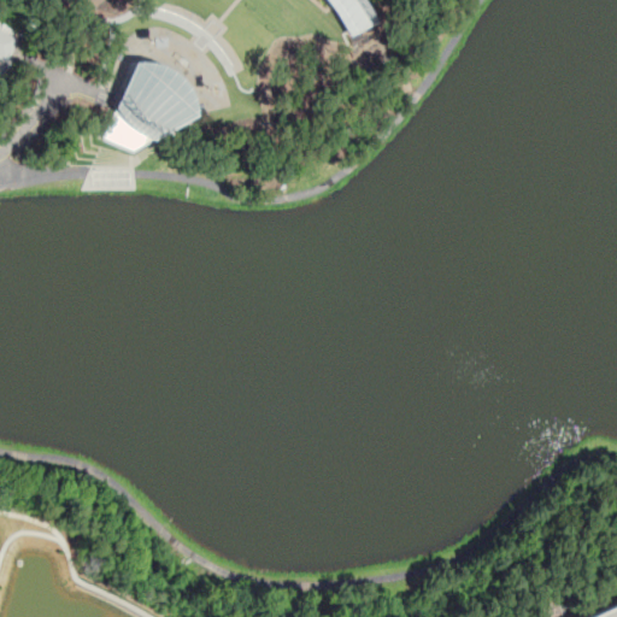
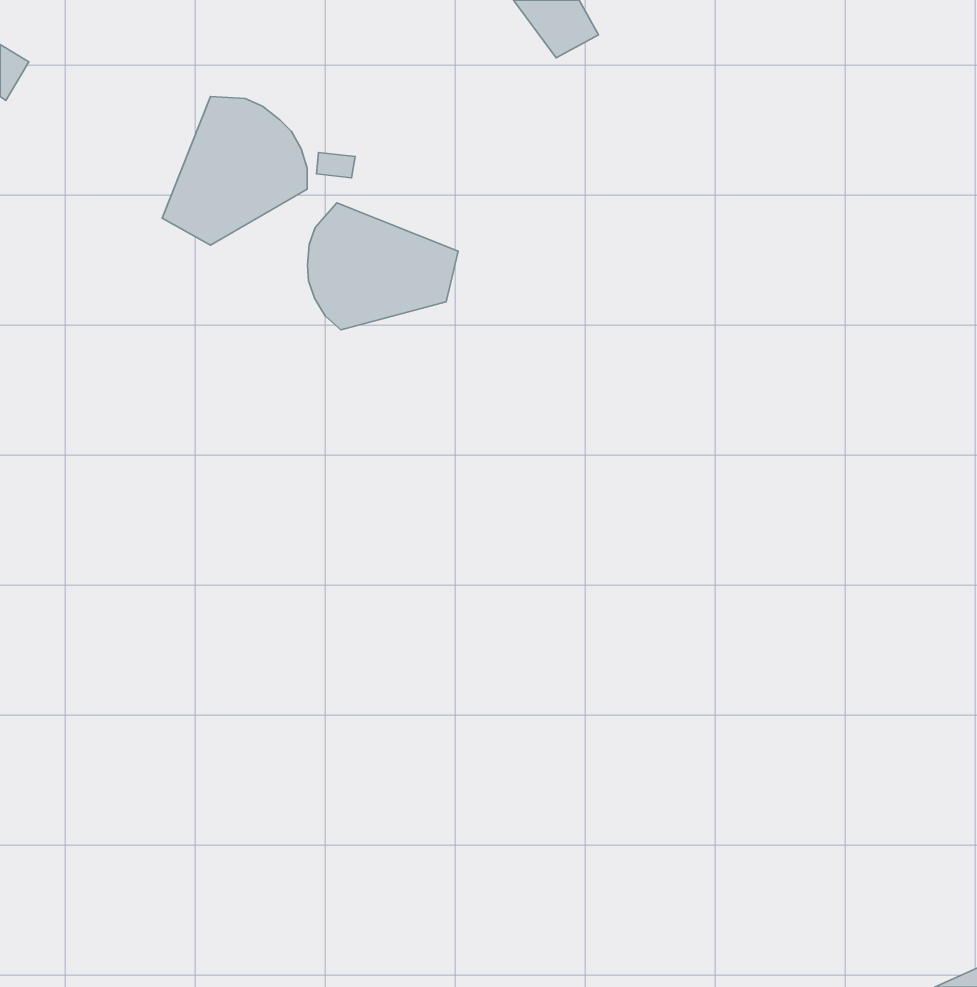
building: none -> [308,203,458,330]

